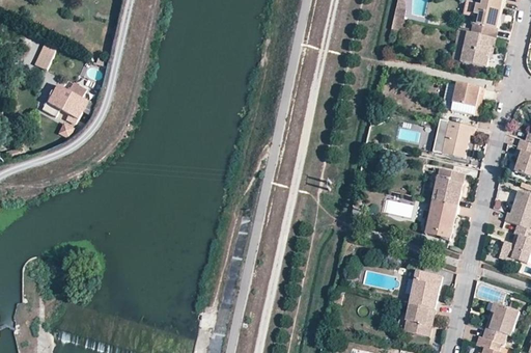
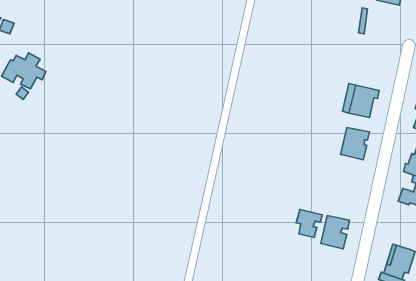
building: [463,30,497,65] -> none
building: [452,81,485,113] -> none
building: [425,199,457,240] -> none
building: [404,302,435,334] -> [296,209,322,237]

